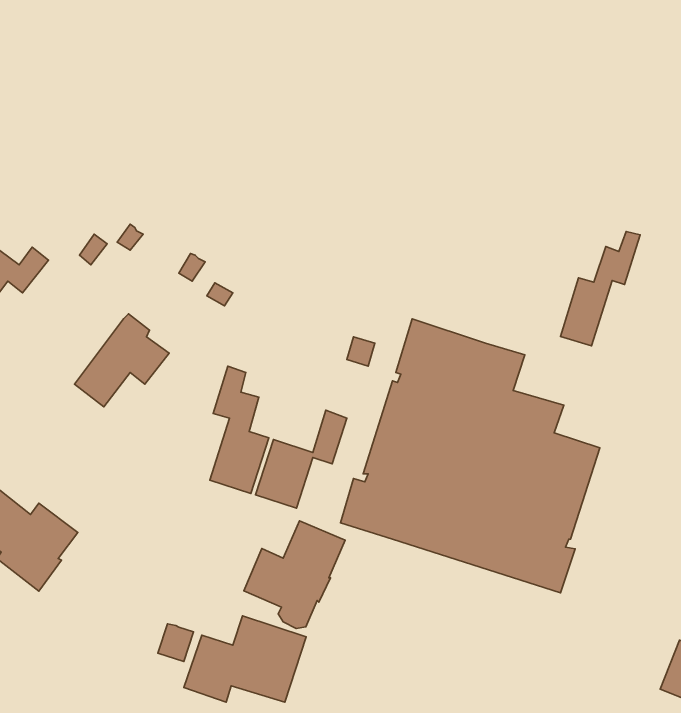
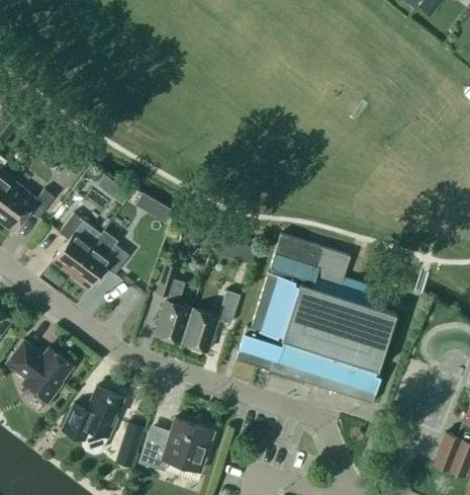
building: [561,231,640,346] -> none
building: none -> [53,213,101,273]
building: [244,521,345,628] -> [62,386,124,452]

